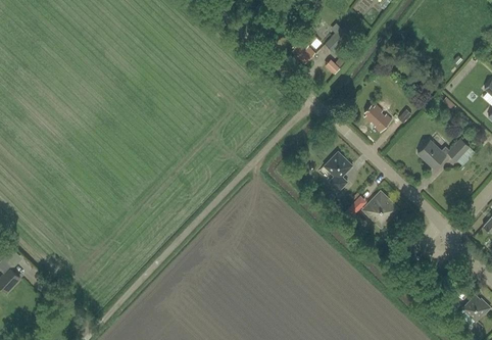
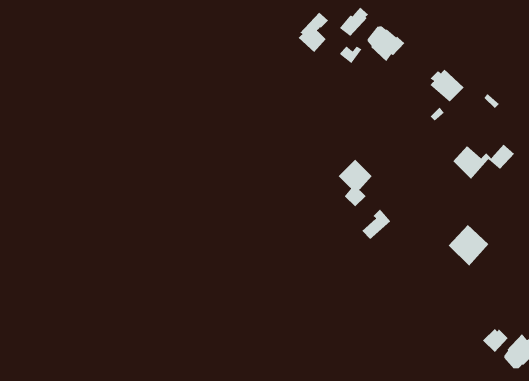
building: none -> [367,25,405,62]
building: [363,104,392,132] -> [429,69,464,102]
building: [363,192,397,227] -> [448,224,489,267]

